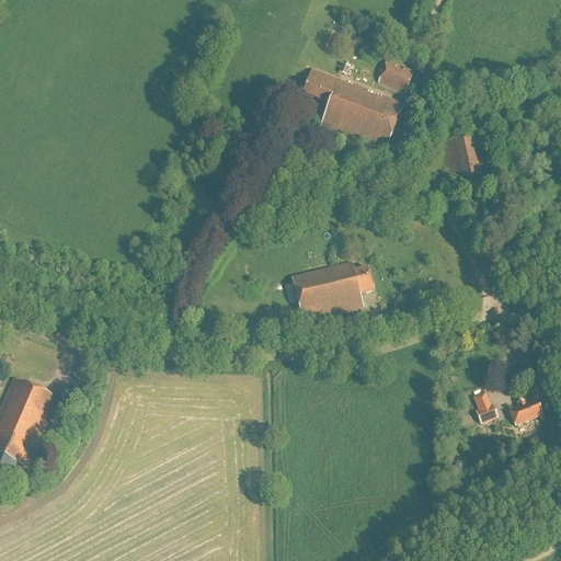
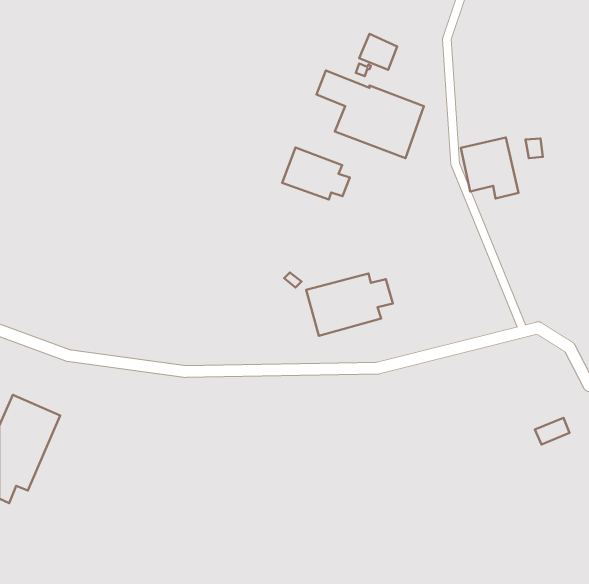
building: [377,57,413,91] -> [359,34,397,70]
building: none -> [282,147,350,200]
building: [472,390,496,422] -> none

